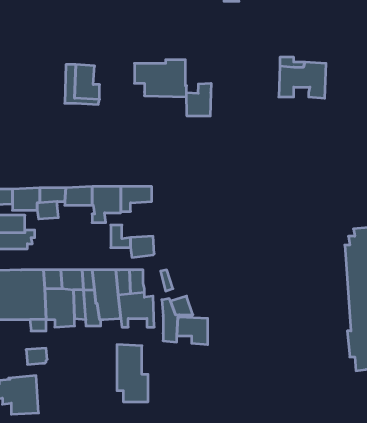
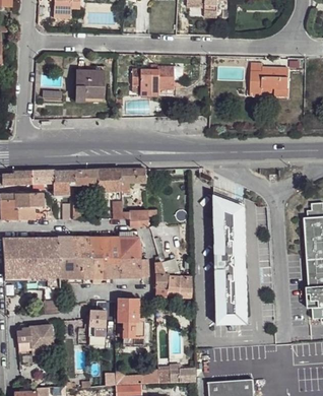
building: [187,83,211,116] -> none
building: none -> [215,195,251,327]
building: none -> [87,309,105,336]

